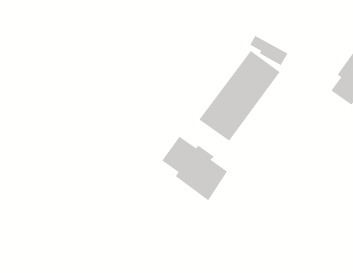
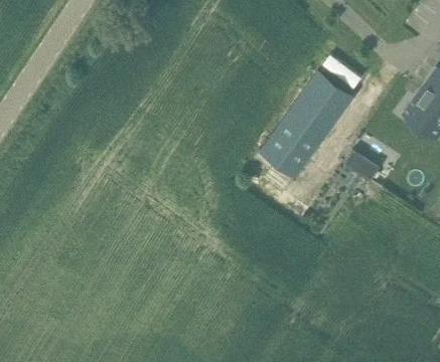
building: none -> [342,151,379,182]
building: [161,136,228,201] -> none

